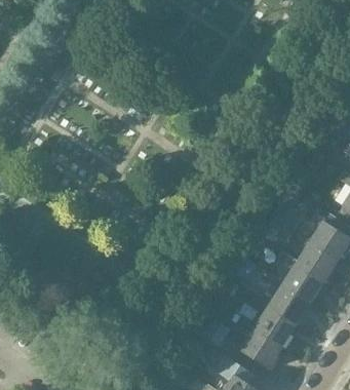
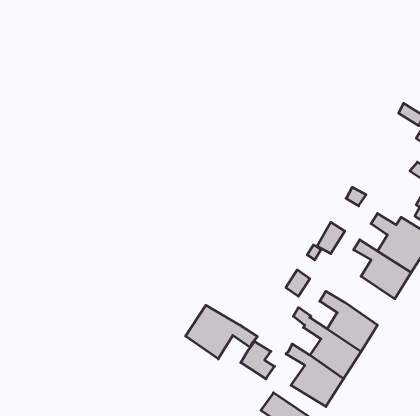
building: [277,254,324,303] -> none
building: none -> [186,305,257,359]

